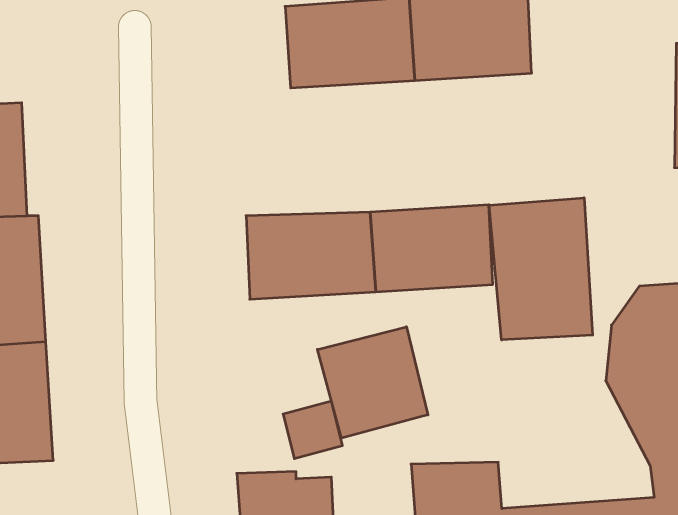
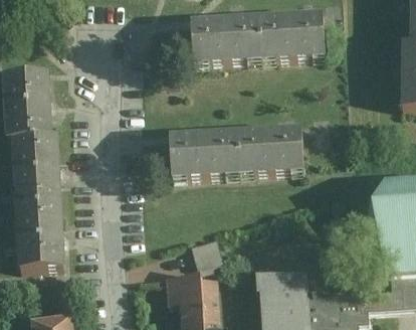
building: [489,198,593,340] -> none
building: [317,327,428,438] -> none

